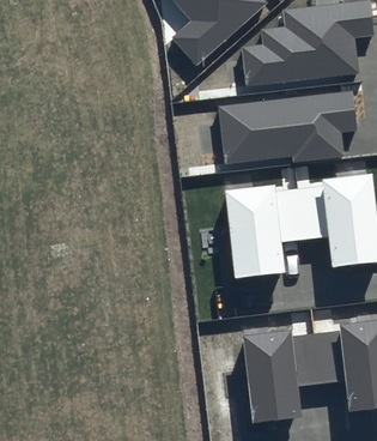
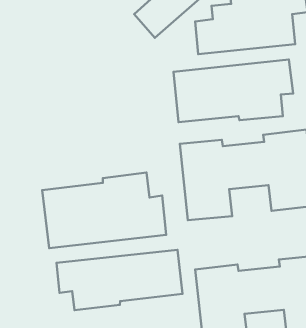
building: none -> [42,173,166,248]
building: none -> [57,250,183,310]

